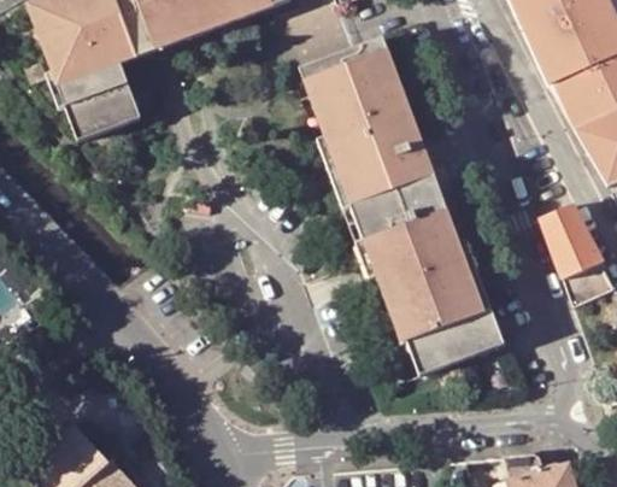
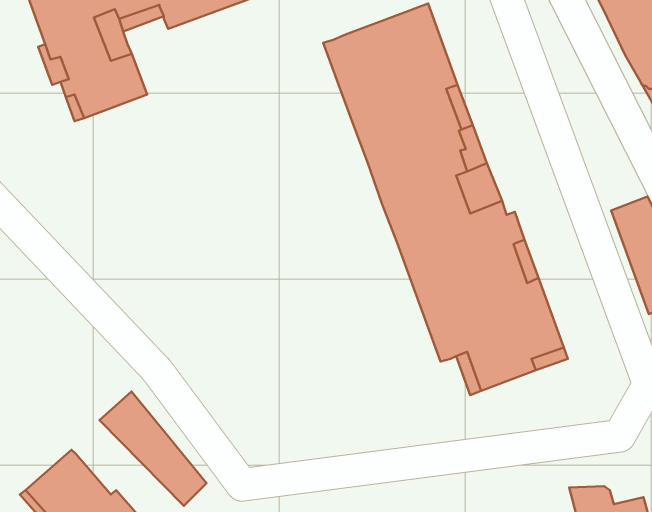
building: none -> [100,392,206,506]

